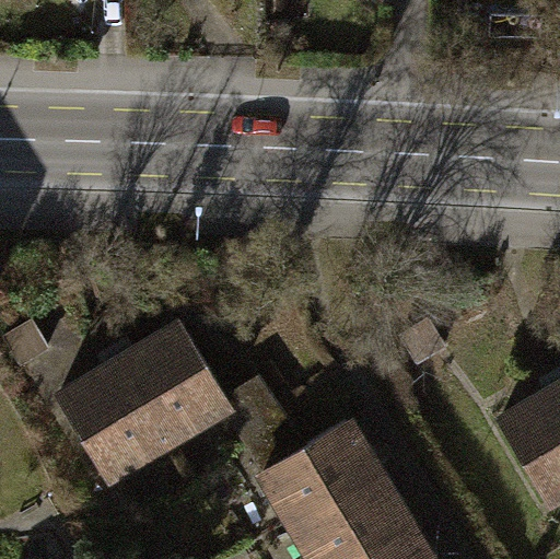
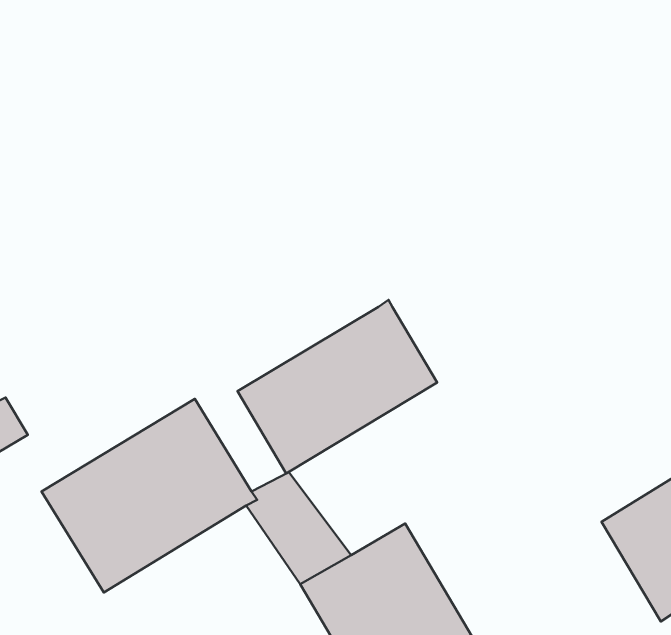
building: none -> [238,300,437,474]

